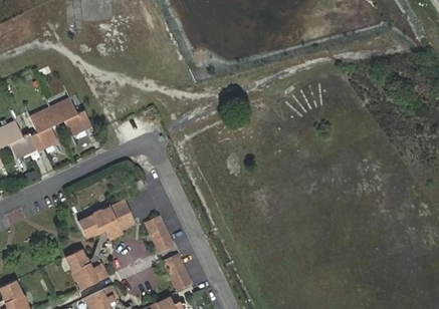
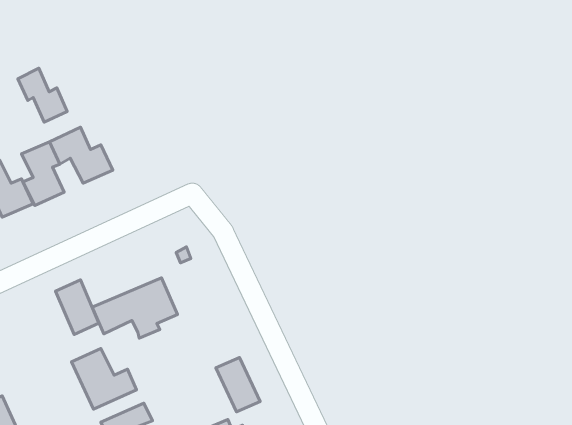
building: none -> [18,68,67,122]
building: none -> [56,280,99,334]
building: [144,216,174,253] -> none

